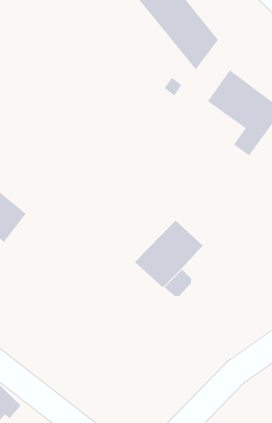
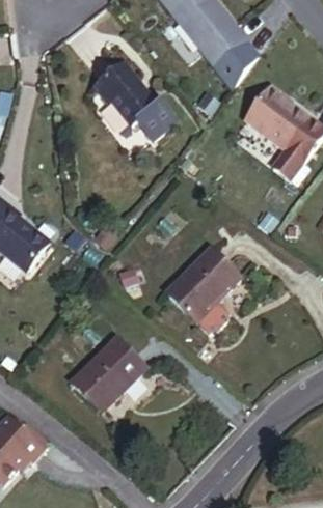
building: none -> [93,62,176,140]
building: none -> [72,337,145,411]

